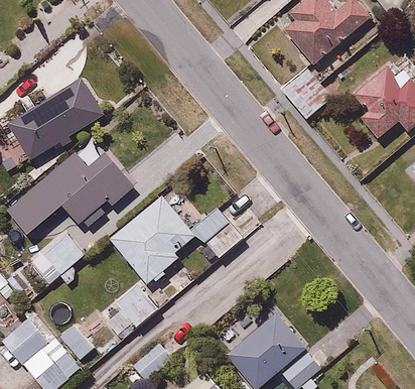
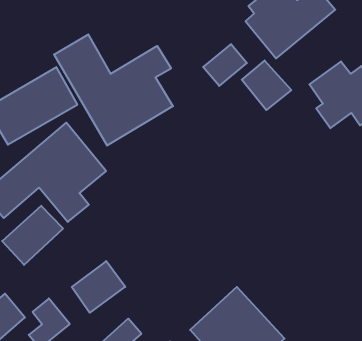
building: none -> [54,34,173,146]
building: none -> [203,44,247,86]
building: [108,191,244,284] -> none

